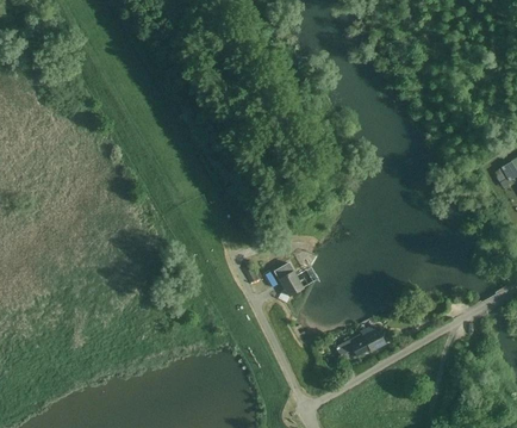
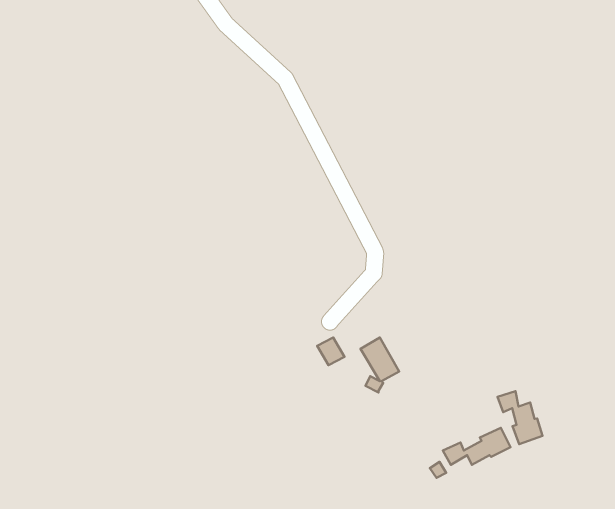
building: none -> [497,391,542,444]

